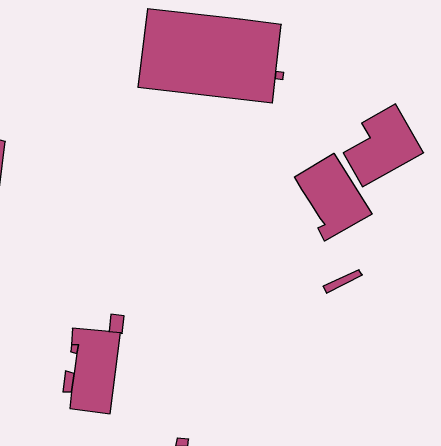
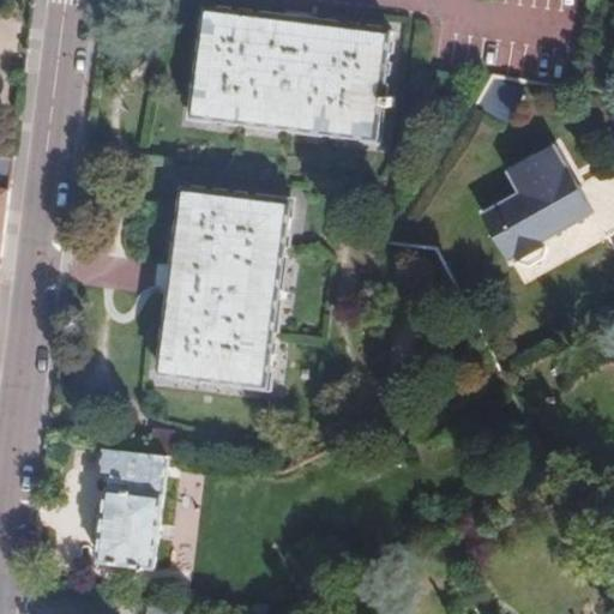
building: none -> [161,192,288,386]
building: [294,153,372,241] -> none

